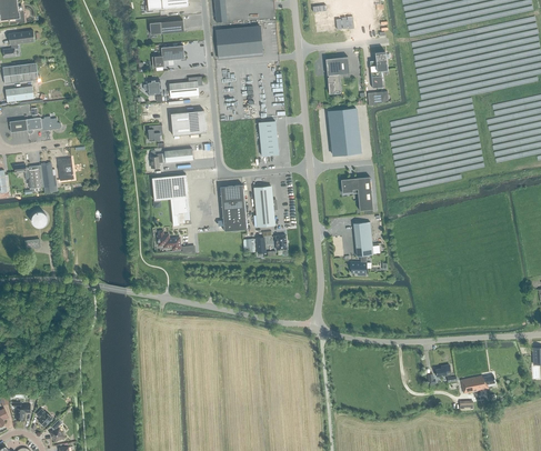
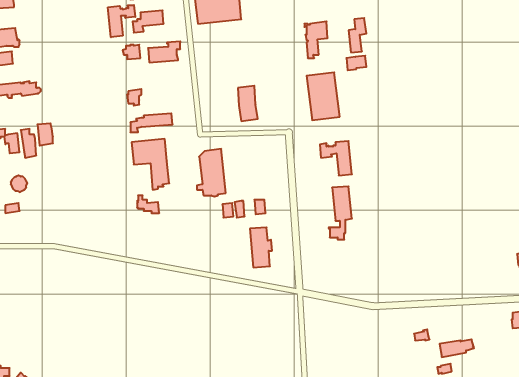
building: none -> [108,5,135,37]
building: [170,109,207,134] -> none
building: [253,186,275,225] -> [250,227,272,267]

